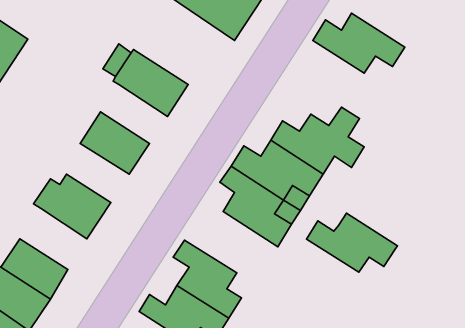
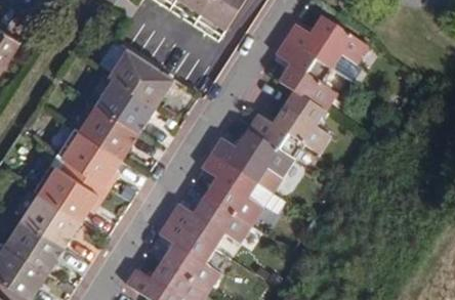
building: none -> [275,40,339,117]
building: none -> [93,80,154,133]
building: none -> [54,130,119,186]
building: none -> [20,191,81,247]
building: [307,213,397,272] -> [169,197,251,250]

